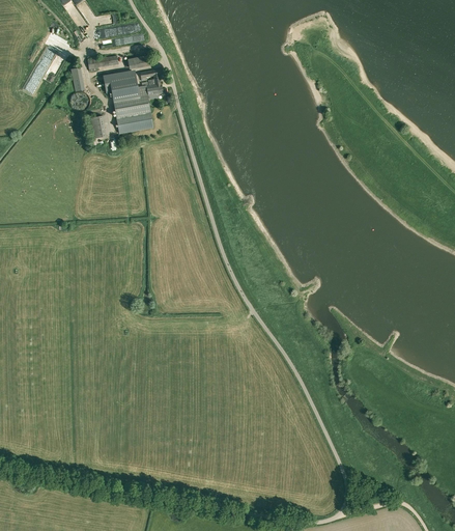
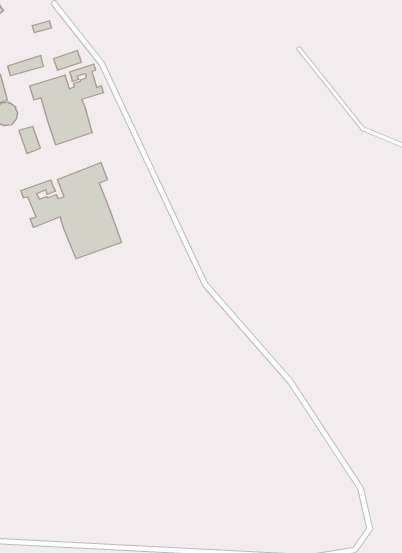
building: none -> [21,162,122,259]

